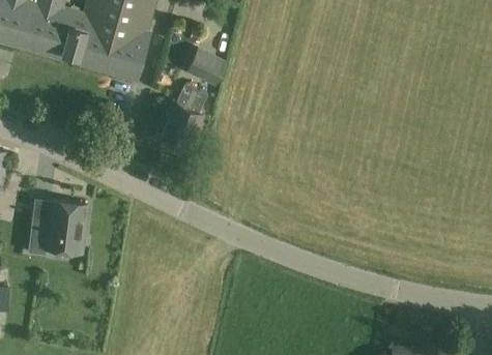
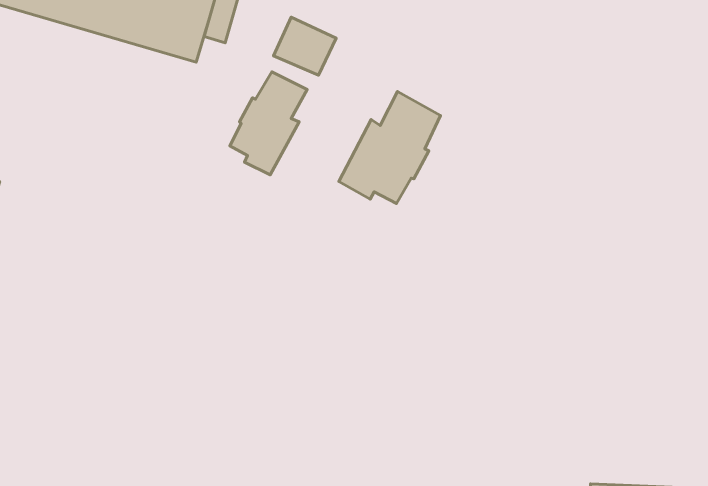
building: none -> [339,91,441,203]
building: [29,205,86,259] -> none

